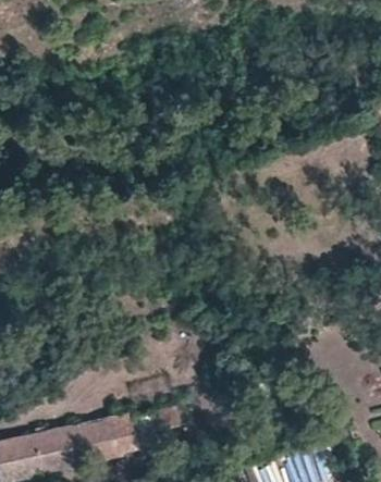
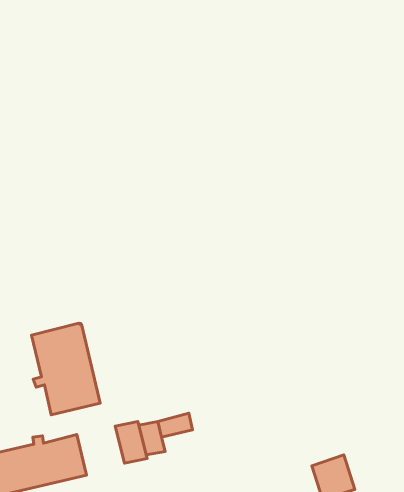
building: none -> [32,323,100,415]
building: [72,419,116,464] -> none

